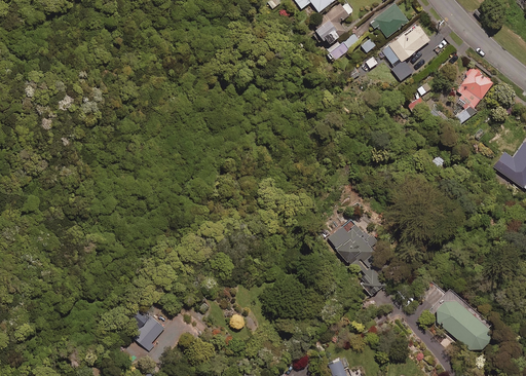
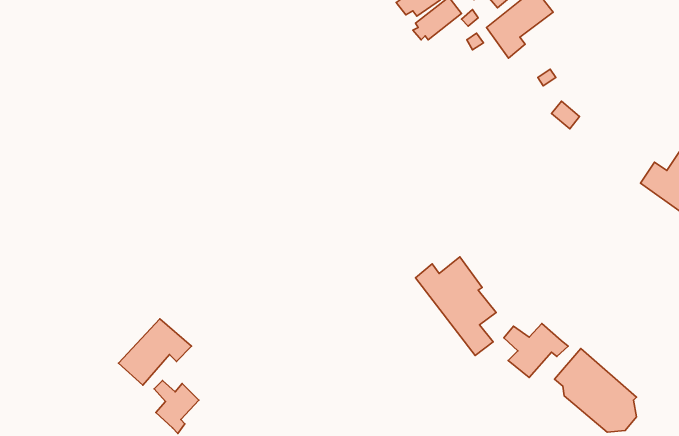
building: [453,65,493,123] -> none
building: none -> [118,319,191,385]
building: none -> [504,323,568,378]

